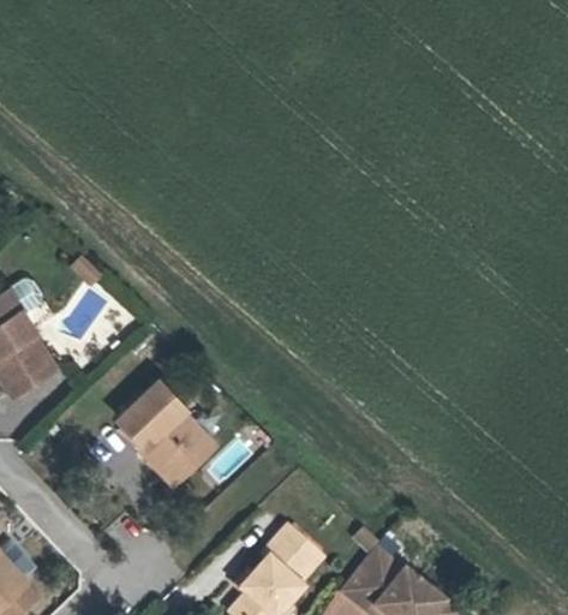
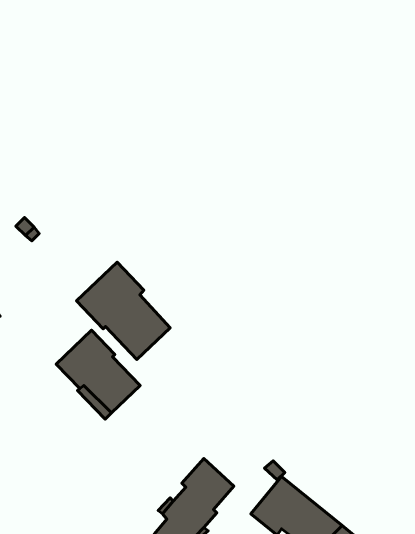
building: none -> [76,262,170,359]

